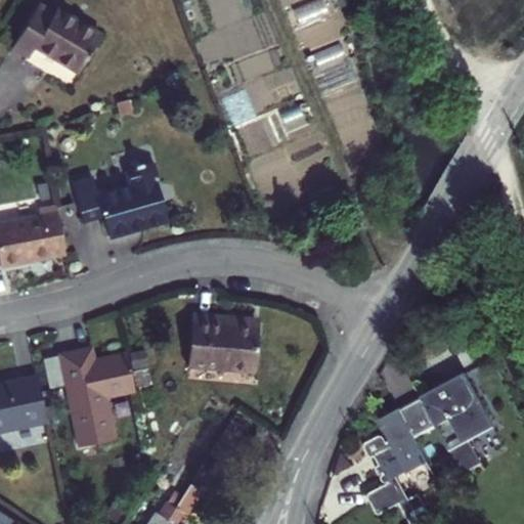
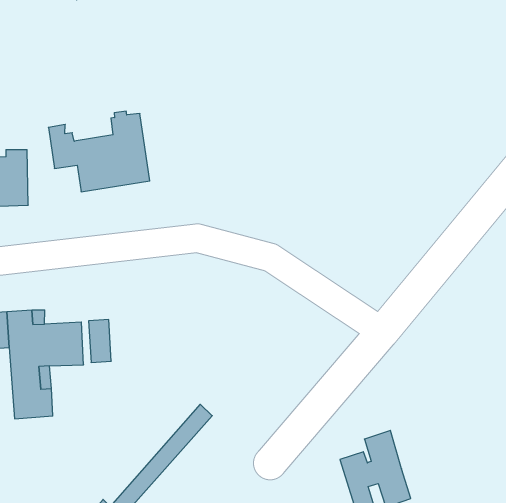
building: [187,312,258,370] -> none
building: [409,367,505,446] -> none

